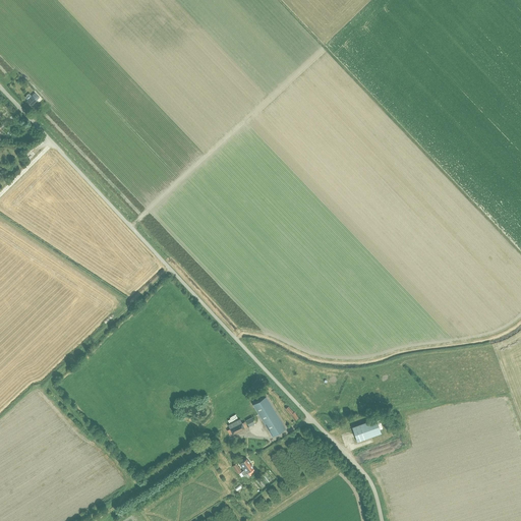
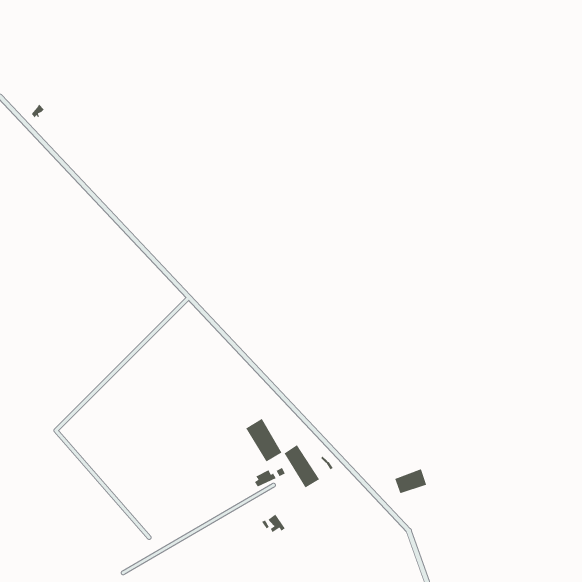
building: none -> [245,418,283,462]

